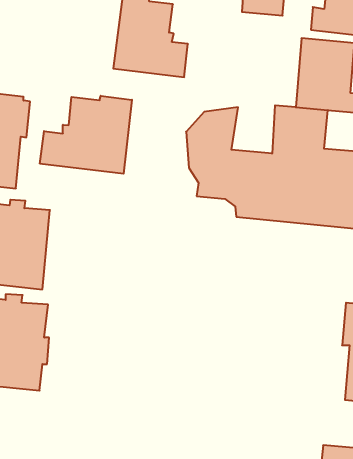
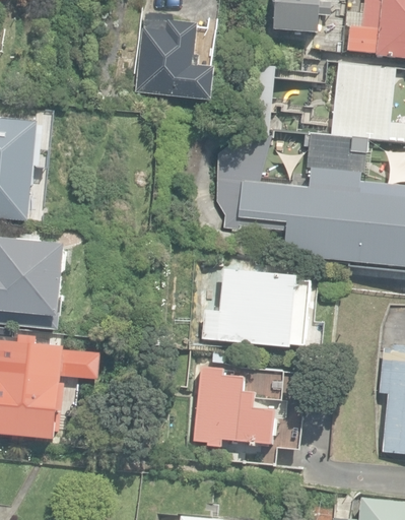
building: [40,96,132,174] -> none
building: none -> [202,269,297,347]
building: none -> [194,367,275,446]

